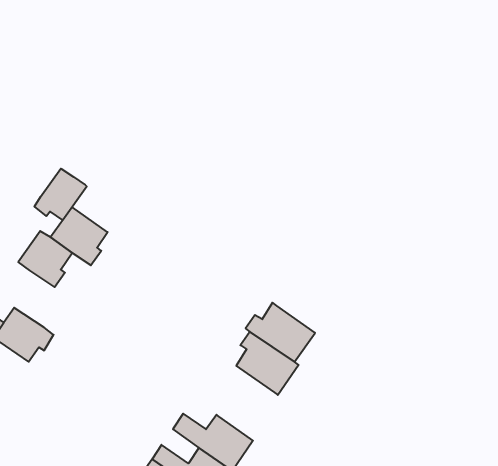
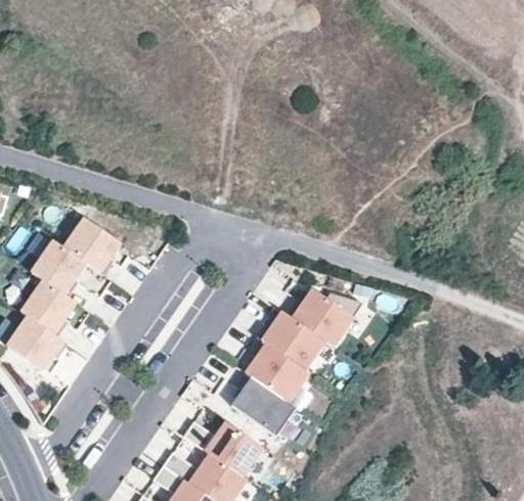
building: [34,169,87,220] -> none
building: none -> [20,280,74,336]
building: none -> [286,290,362,348]
building: none -> [230,373,295,438]

